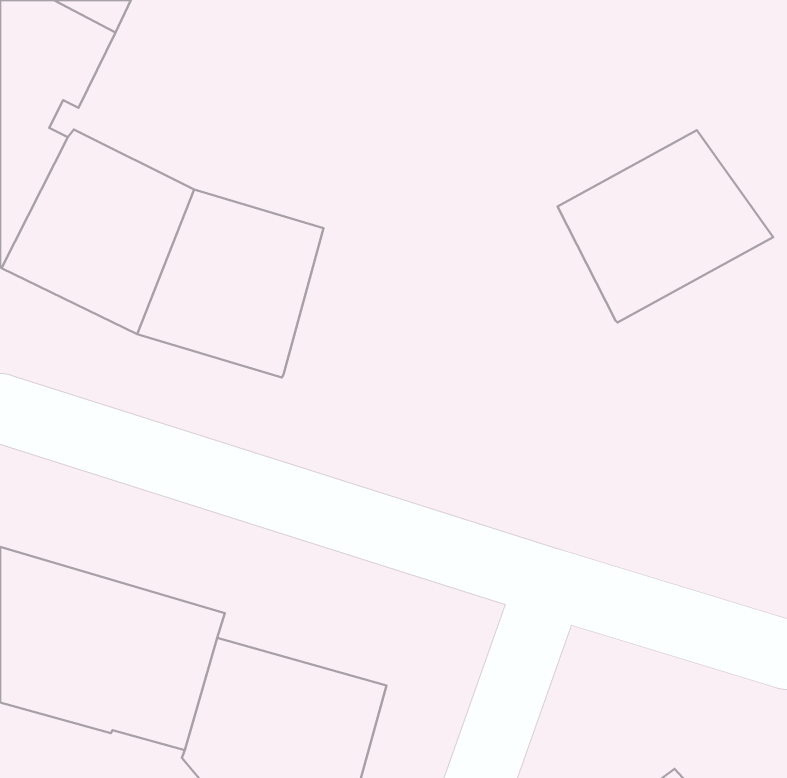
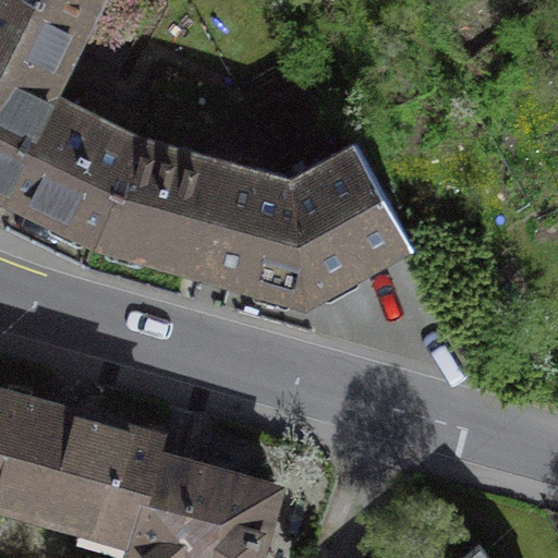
building: [558,130,773,323] -> none
building: none -> [201,149,405,302]

